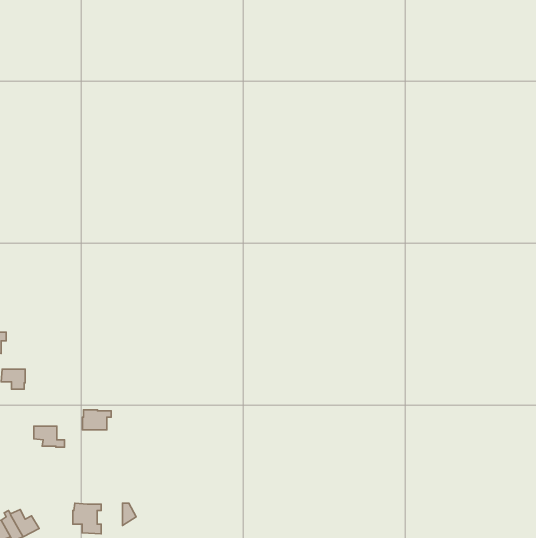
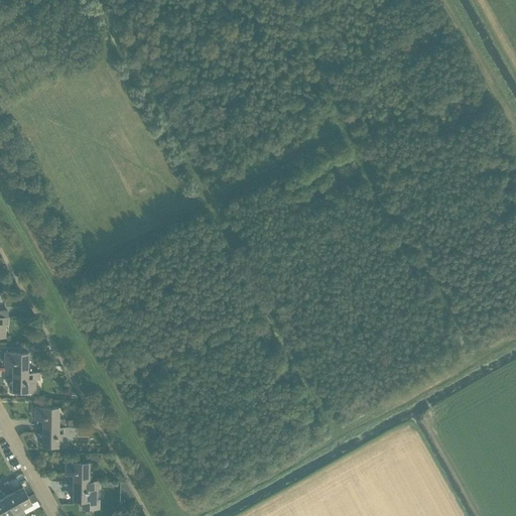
building: none -> [9,373,37,392]
building: [83,410,111,430] -> [39,427,67,446]
building: none -> [62,463,86,483]

